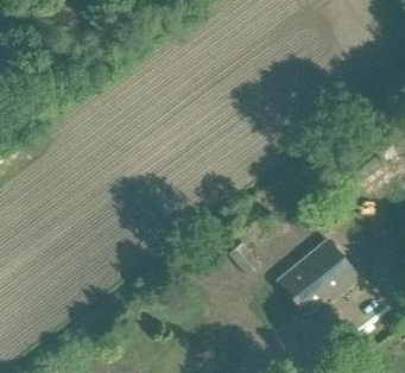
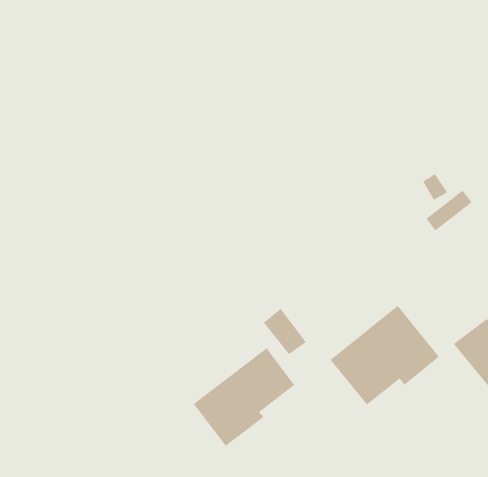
building: none -> [193,347,295,447]

